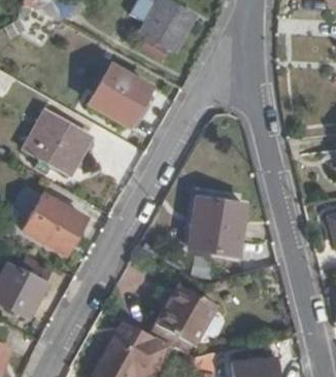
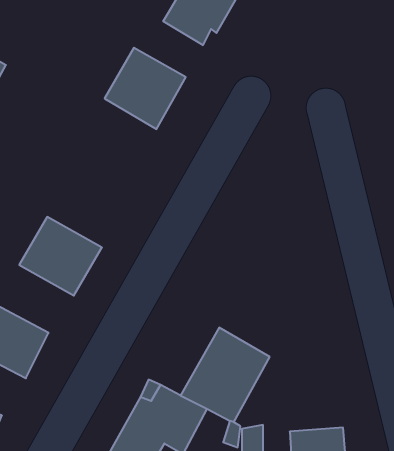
building: [24,110,91,174] -> none
building: [188,196,245,254] -> none

